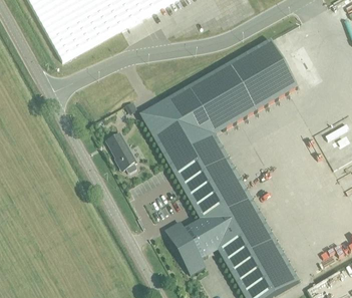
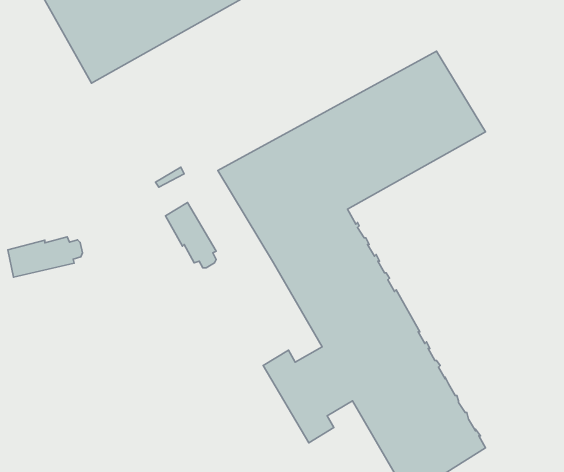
building: none -> [8,237,82,277]

